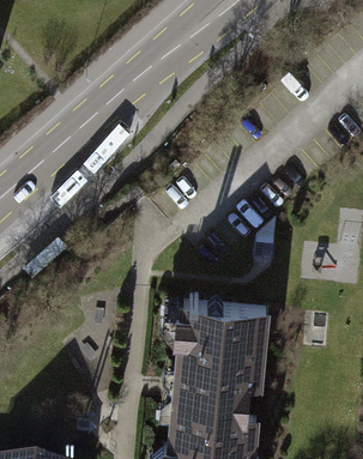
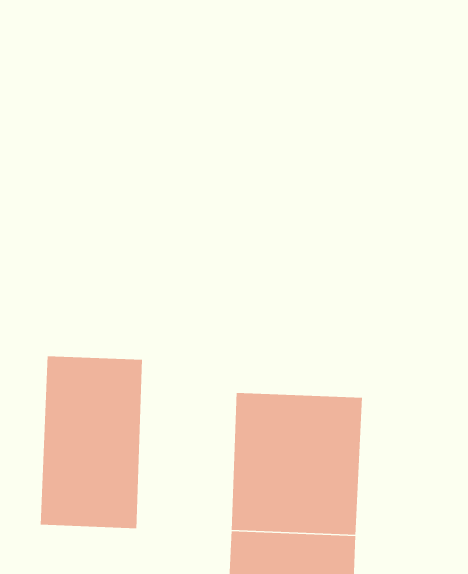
building: none -> [40,356,143,529]

